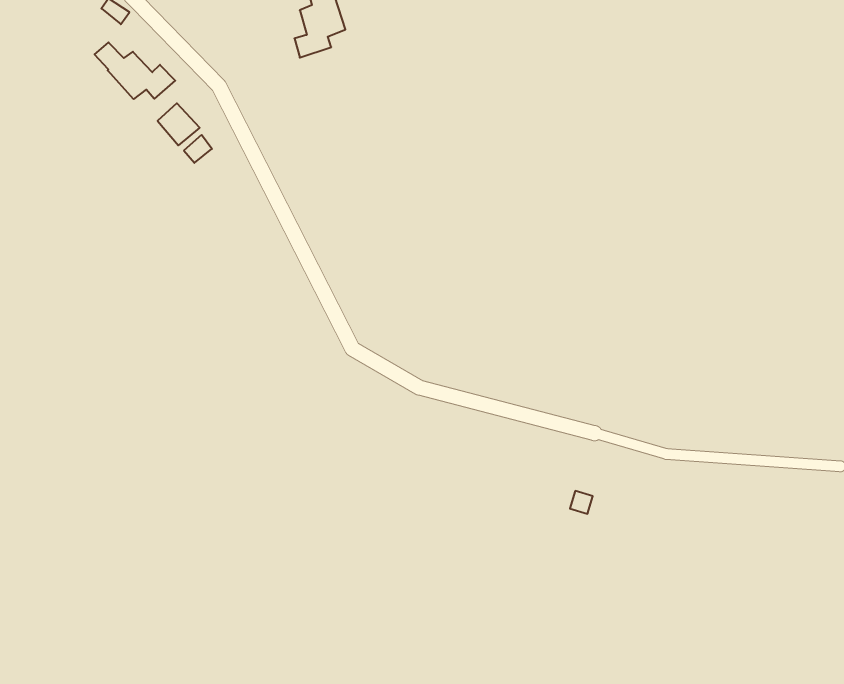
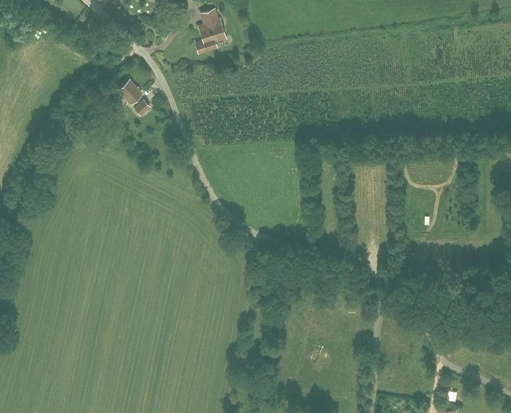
building: [95,42,175,99] -> none

